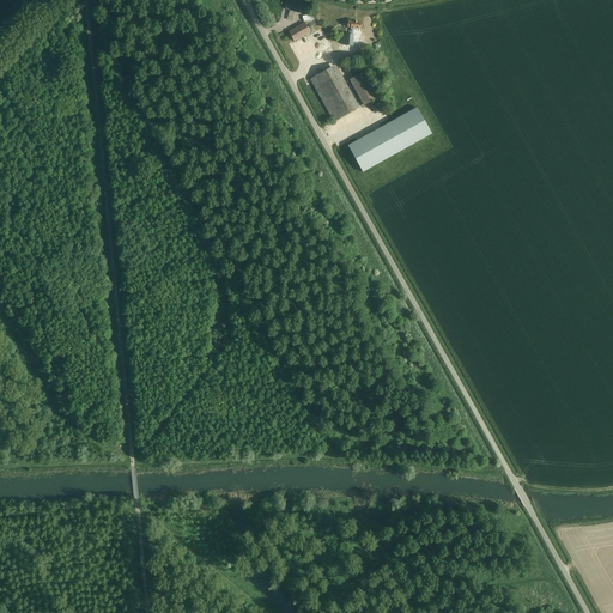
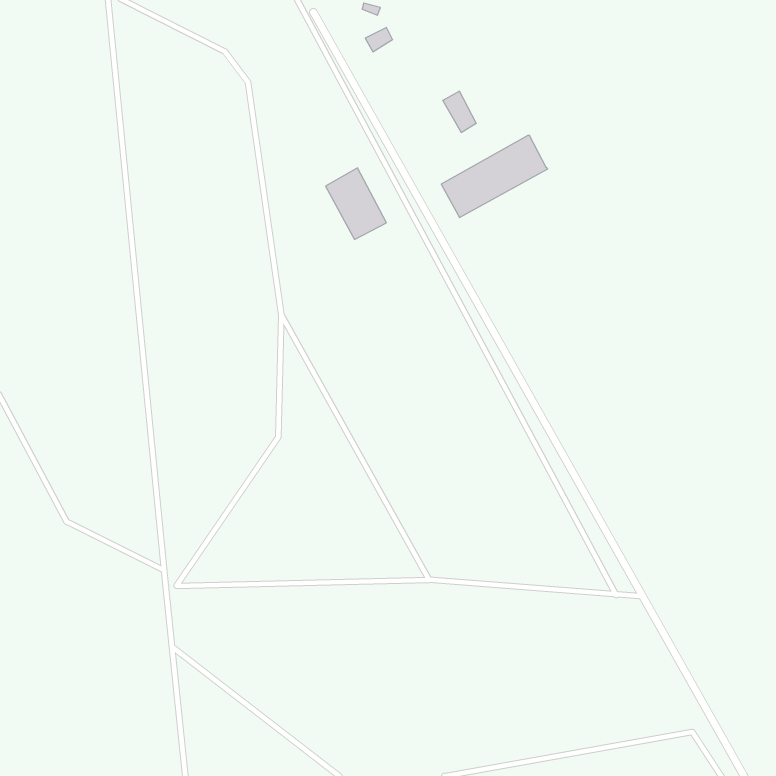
building: [310,63,358,120] -> [326,168,386,239]

